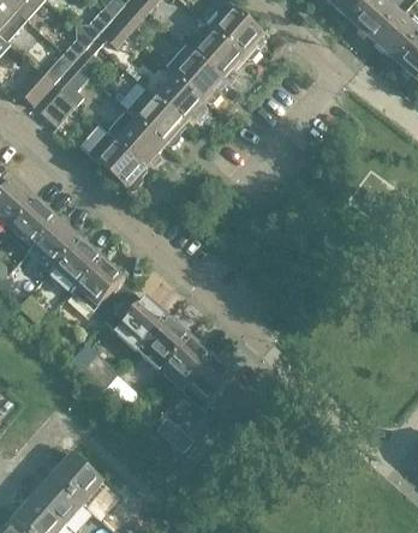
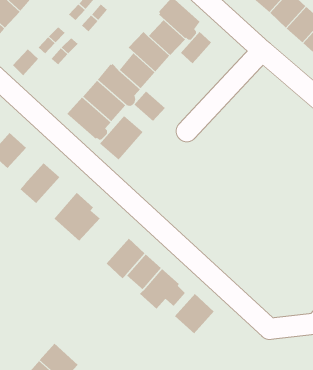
building: none -> [180,31,212,64]
building: [41,89,78,127] -> none
building: none -> [133,91,166,122]
building: none -> [99,115,144,160]
building: [11,198,58,245] -> none
building: [48,236,101,291] -> none
building: [97,291,169,352] -> none
building: none -> [174,293,215,334]

